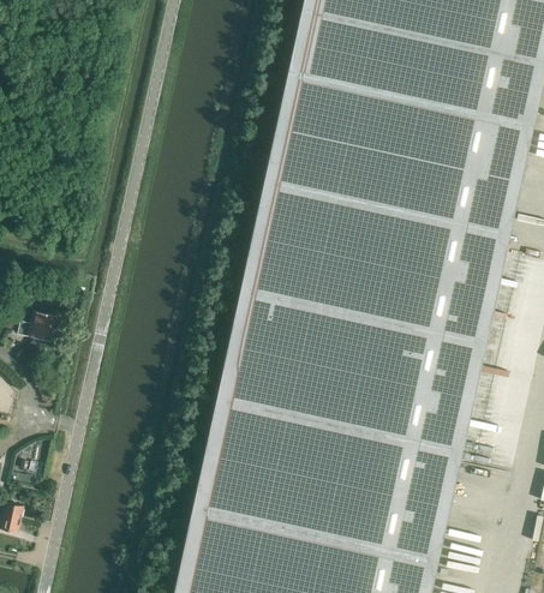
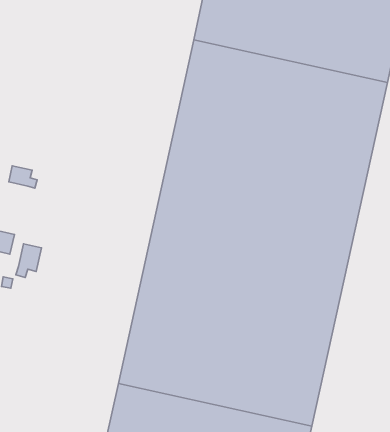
building: none -> [9,166,37,188]
building: none -> [16,244,41,277]

